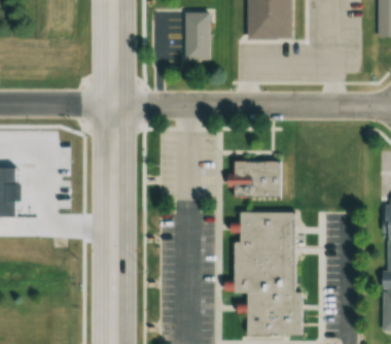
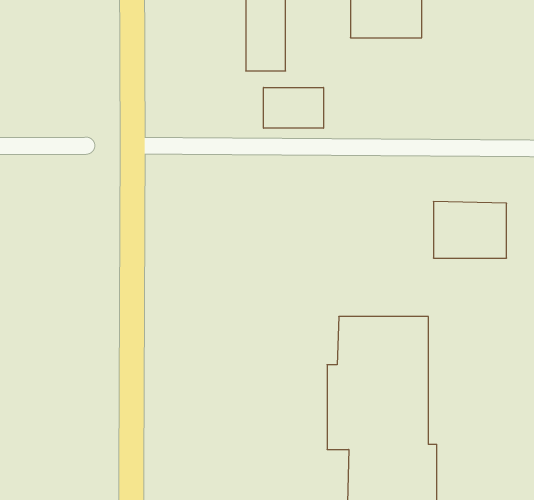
building: none -> [264,87,323,128]
building: [237,161,282,196] -> [433,202,507,258]

